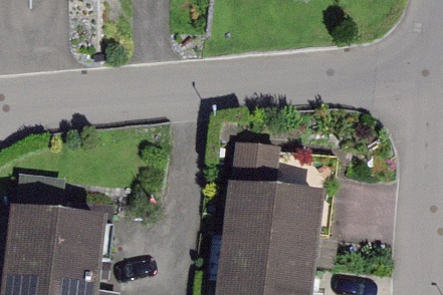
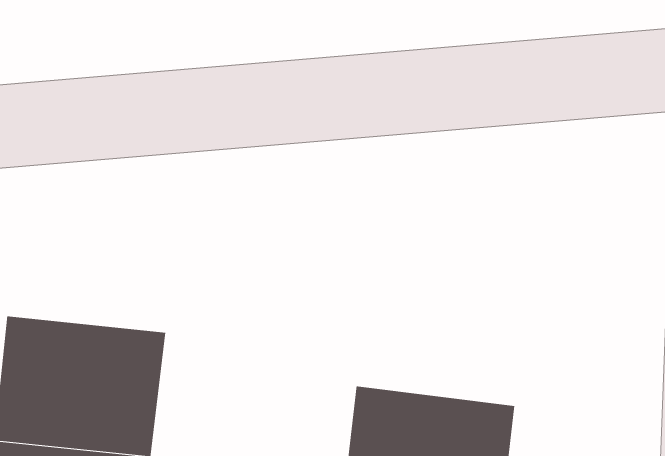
building: [221,177,325,257] -> none

